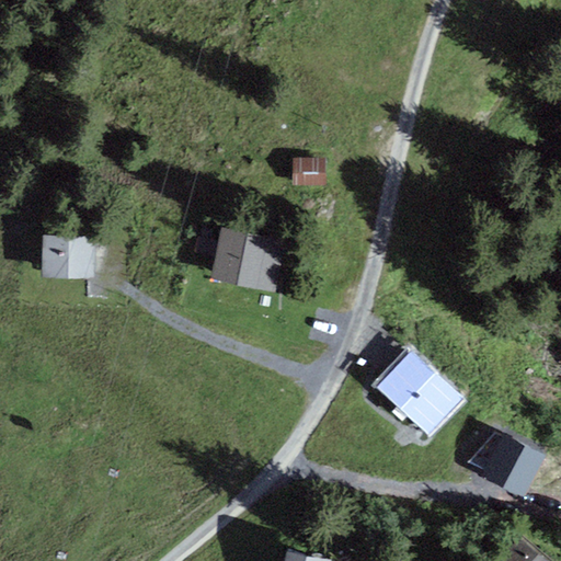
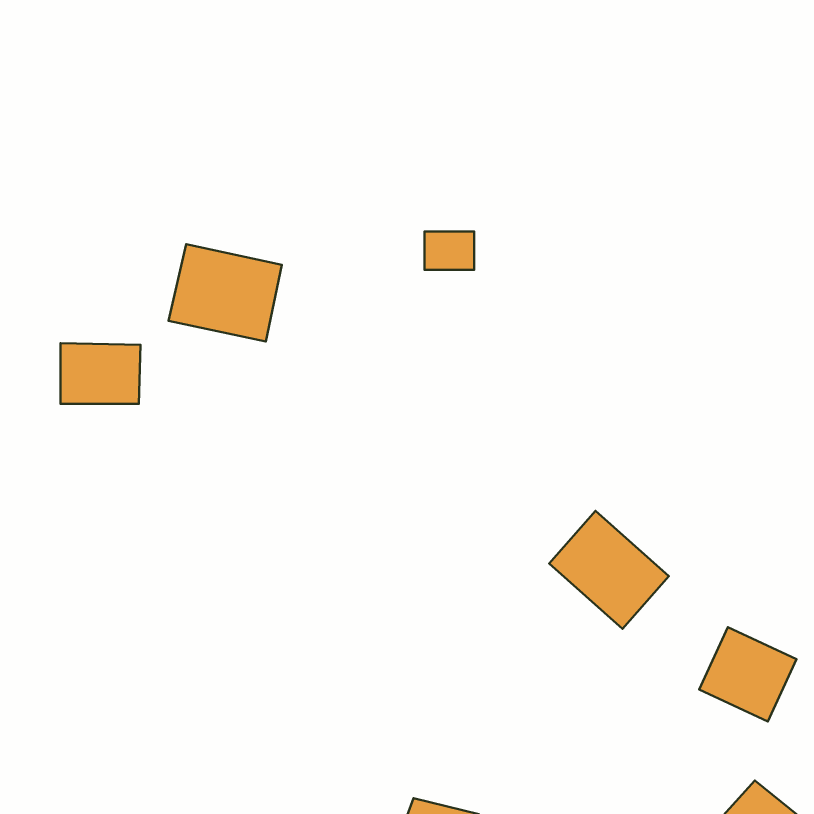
building: [209,227,287,294] -> [168,244,282,342]

